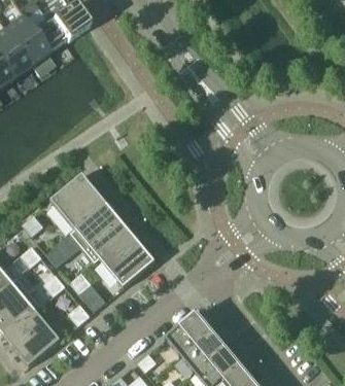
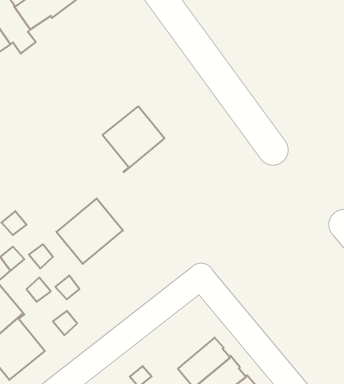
building: [50,173,106,232] -> [103,106,164,172]
building: [94,231,154,286] -> none
building: [165,310,211,354] -> none

